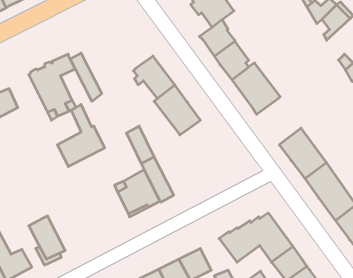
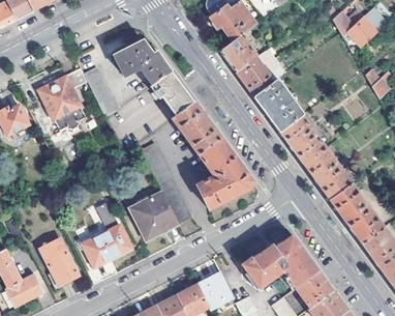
building: none -> [114,40,171,84]
building: none -> [279,115,326,164]
building: [57,104,105,167] -> [82,202,131,267]
building: none -> [196,138,251,208]

